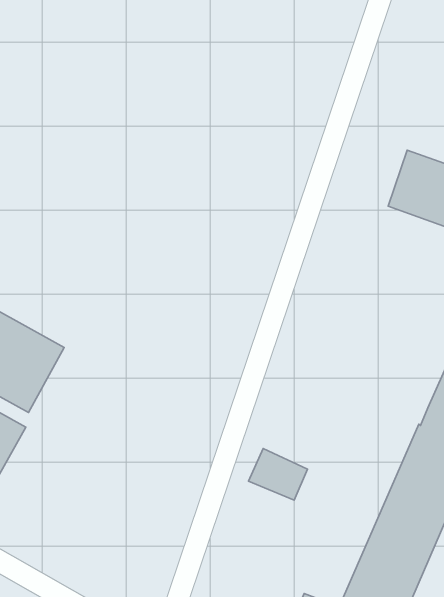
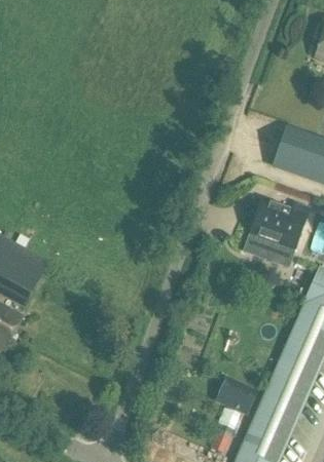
building: none -> [243,199,309,264]
building: [249,449,308,500] -> [216,378,257,414]

